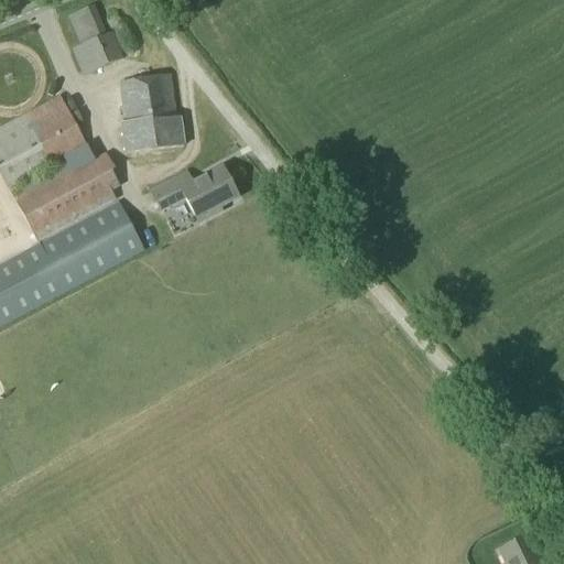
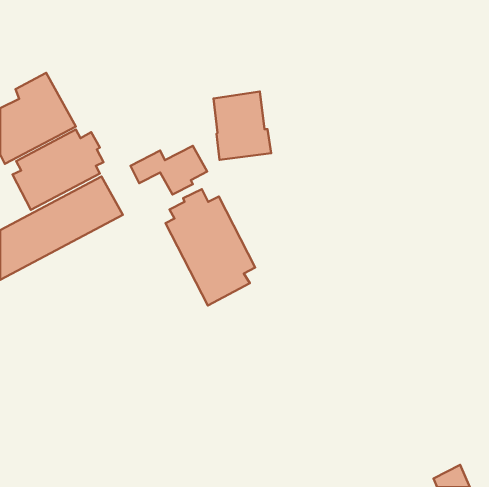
building: [68,4,124,75] -> none
building: [119,74,185,152] -> [214,92,271,160]
building: none -> [165,189,255,305]

